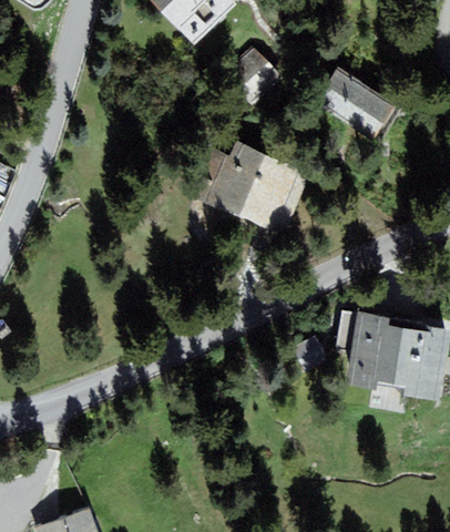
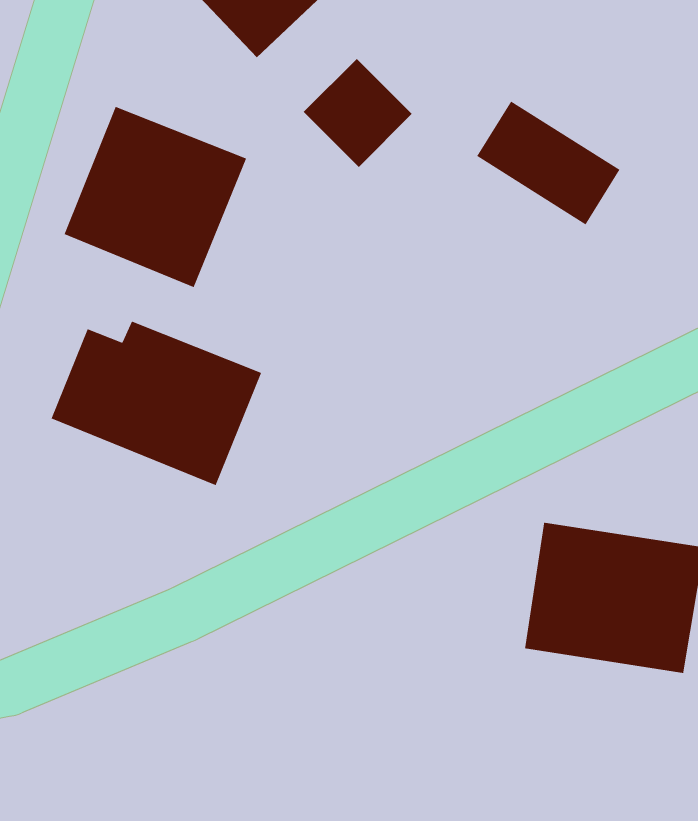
building: none -> [63,106,247,288]
building: [187,142,309,237] -> [51,321,262,486]

